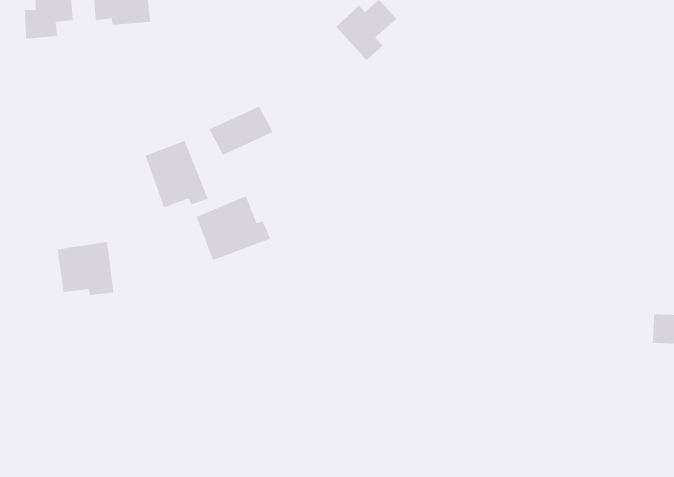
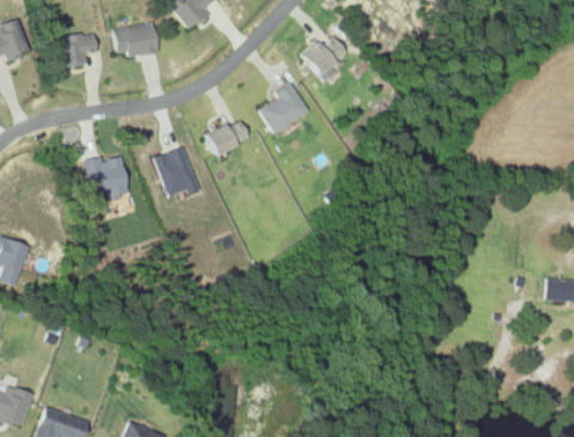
building: none -> [258,81,310,134]
building: [196,195,271,261] -> none
building: [57,241,114,296] -> [84,155,128,197]

